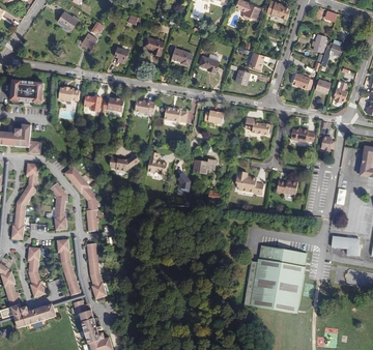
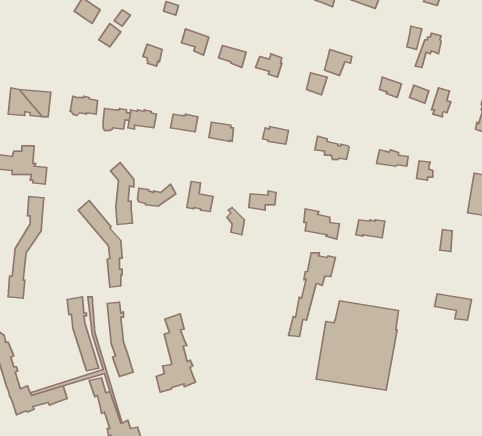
building: [50,182,67,229] -> [110,163,134,224]
building: none -> [288,253,336,337]
building: [27,246,45,296] -> none
building: none -> [156,314,196,392]

